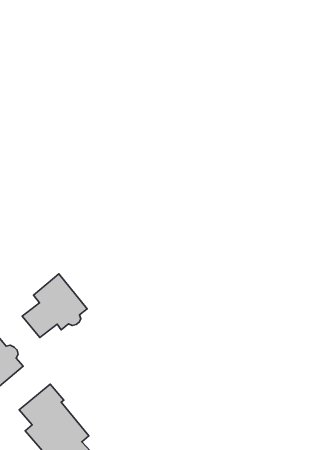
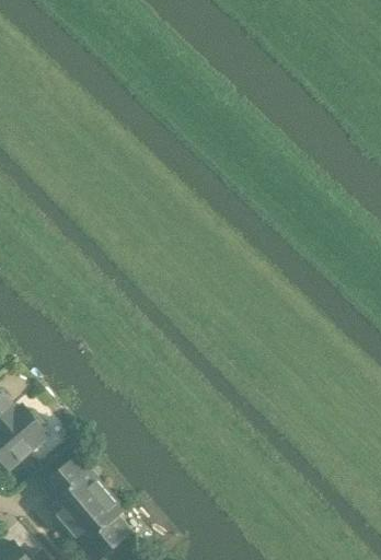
building: [22,274,87,338] -> none

